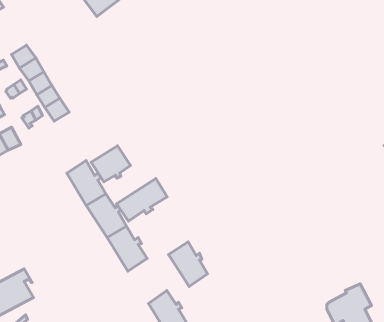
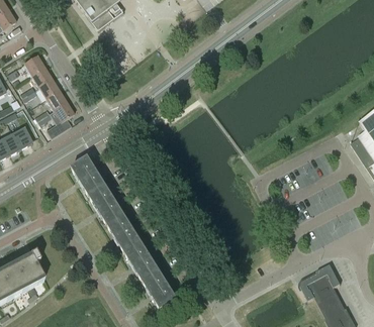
building: [91,146,130,182] -> none
building: [117,179,167,221] -> none
building: [169,242,208,287] -> [125,242,160,282]

